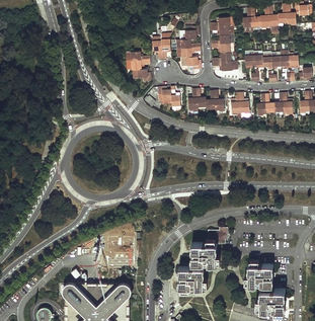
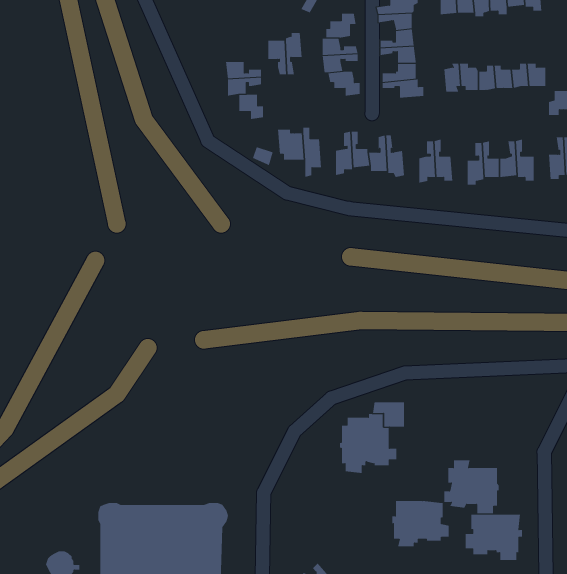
building: [177,265,208,290] -> [391,501,449,547]

